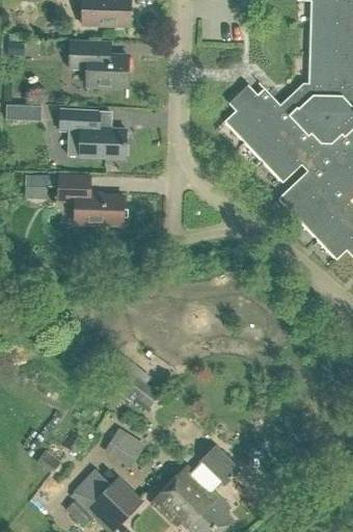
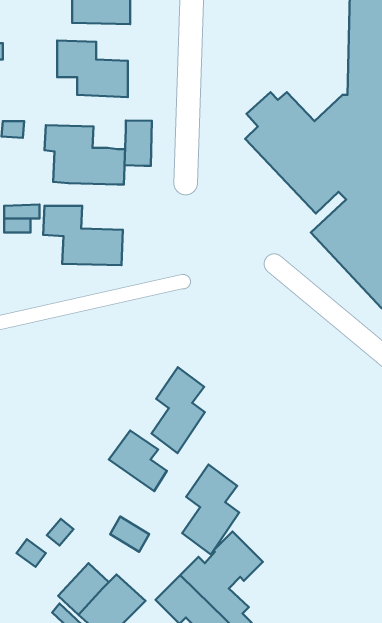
building: none -> [125,120,152,166]
building: none -> [151,367,205,453]
building: none -> [182,464,239,555]

